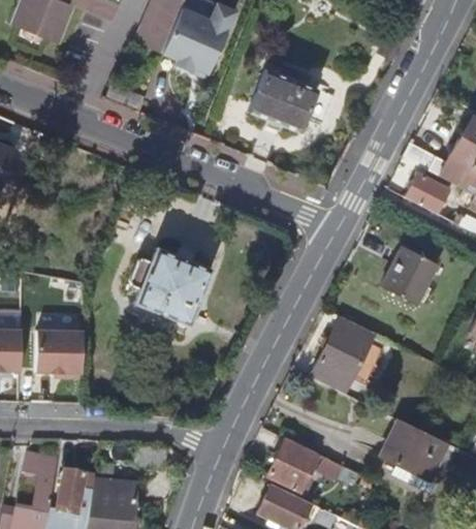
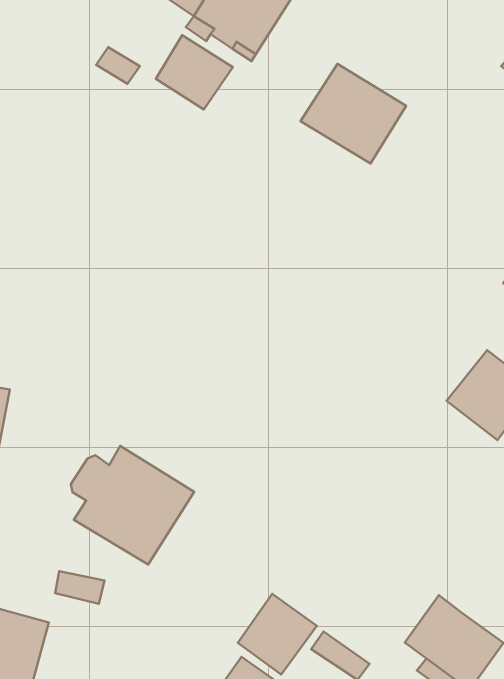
building: none -> [156,35,233,109]
building: [128,246,213,323] -> [71,446,194,564]
building: [311,317,375,393] -> none

